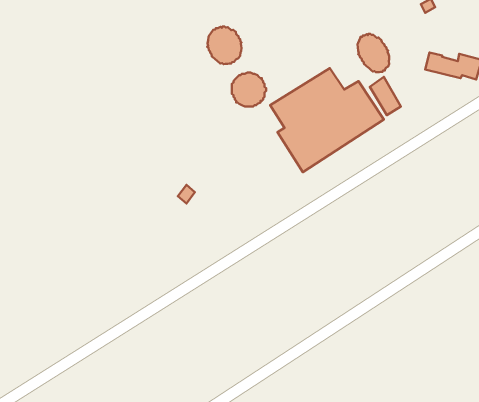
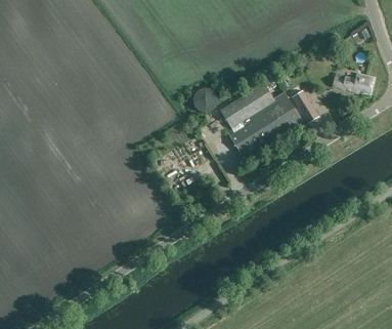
building: [207,26,242,64] -> none
building: [358,34,389,72] -> none

